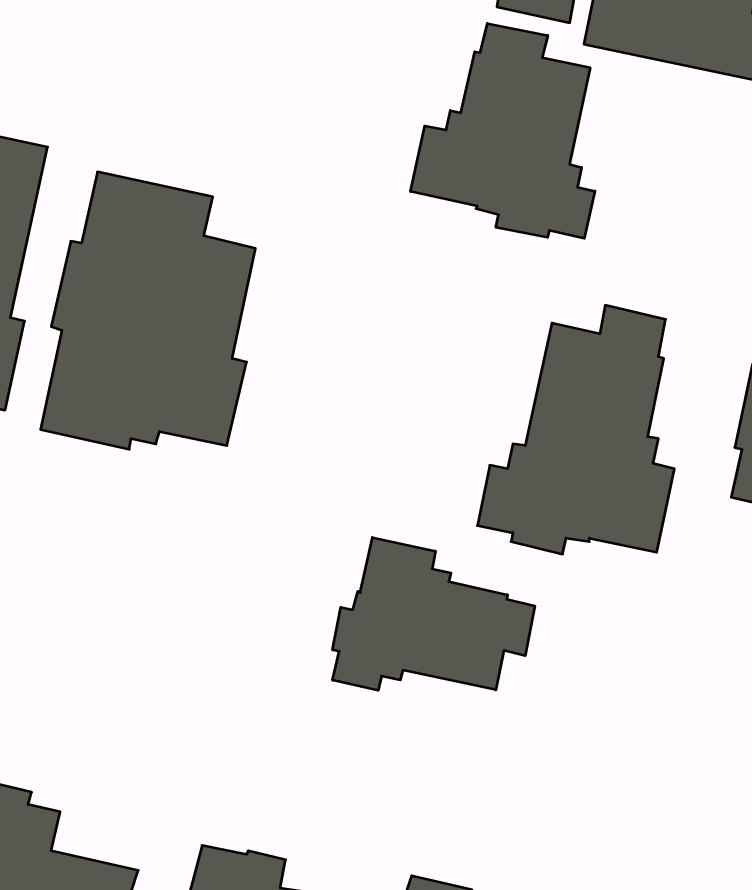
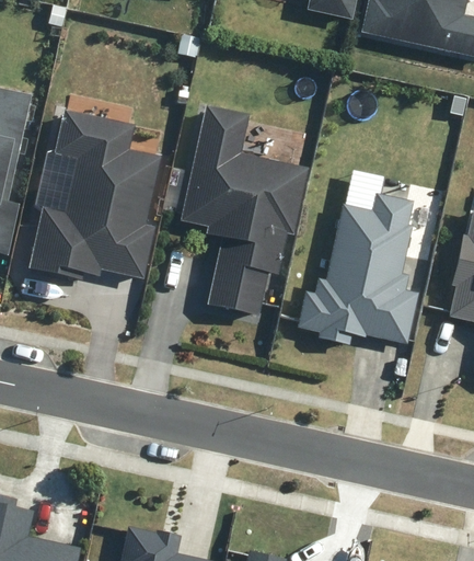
building: [411,23,595,238] -> none
building: none -> [181,105,308,316]
building: [333,537,535,690] -> none

